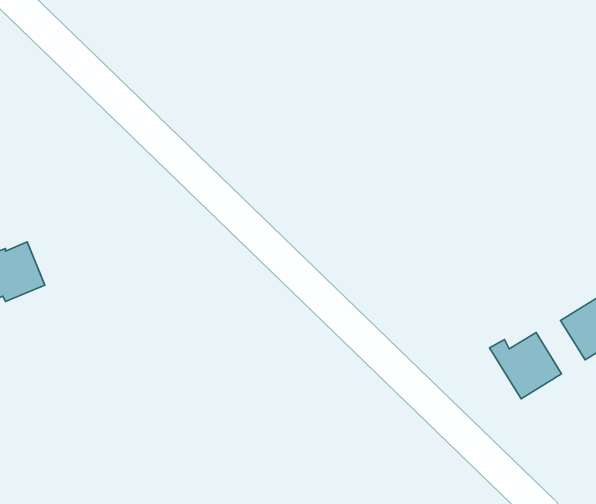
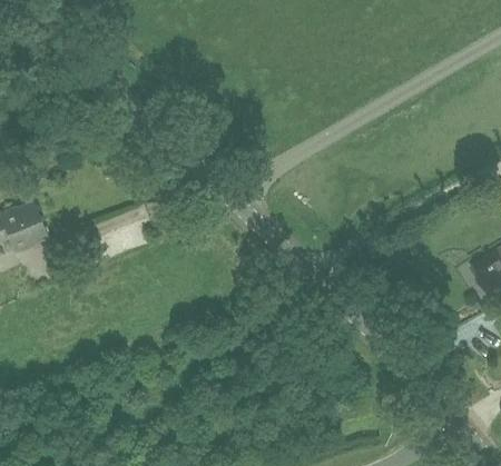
building: [490,333,562,399] -> none

